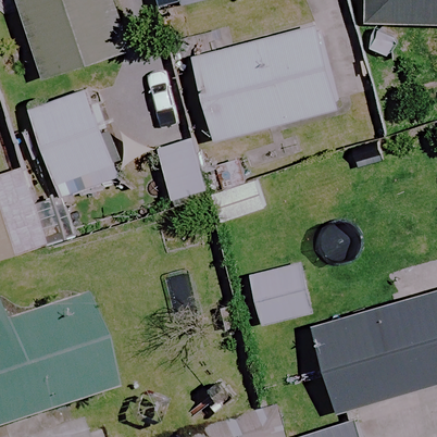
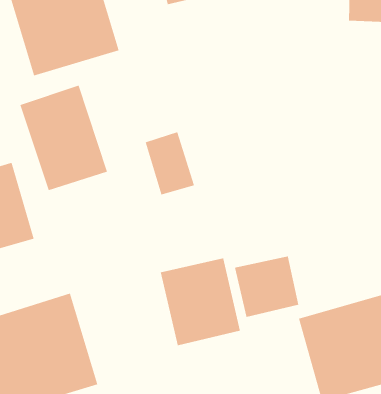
building: [188,22,338,142] -> none
building: none -> [160,257,240,346]

